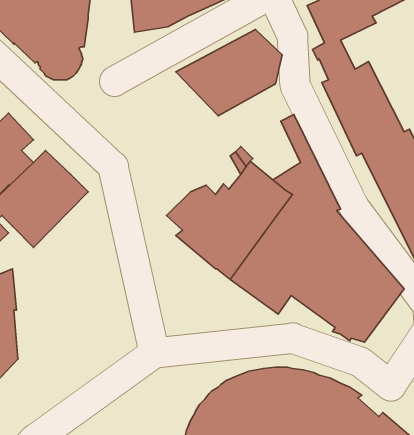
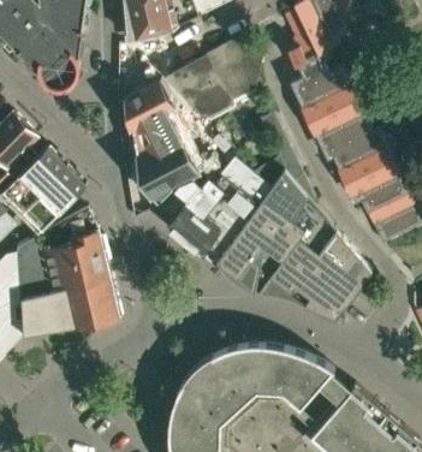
building: none -> [123,82,207,206]
building: none -> [17,210,119,337]

